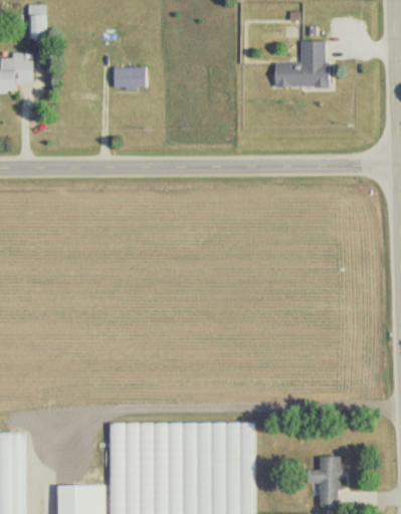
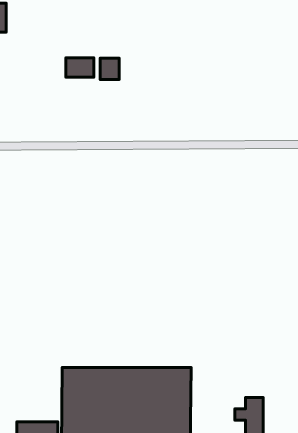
building: [274,42,329,88] -> none
building: none -> [100,58,119,80]

